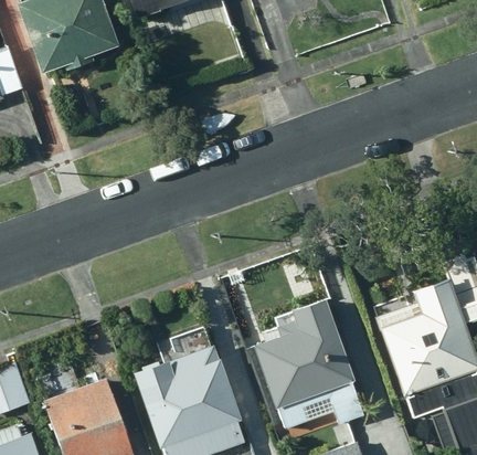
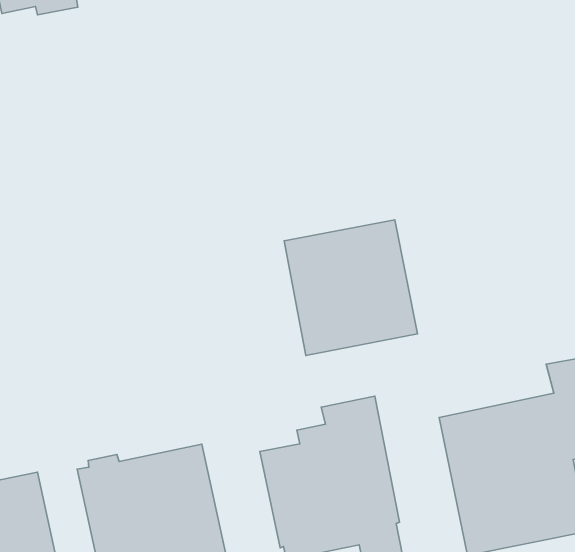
building: none -> [284,220,418,356]

